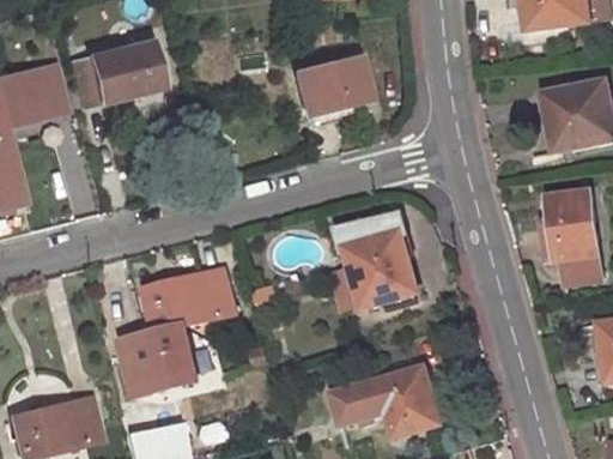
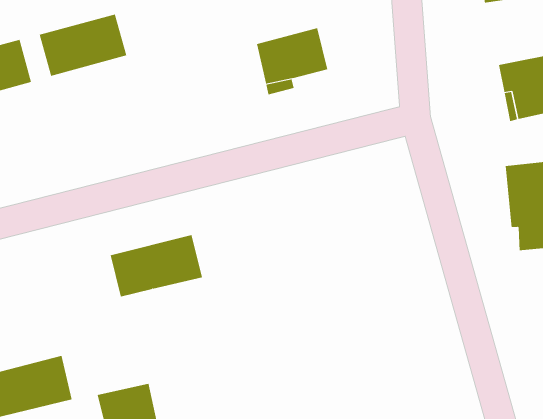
building: [340,210,418,308] -> none
building: [120,324,202,399] -> none
building: [334,369,441,440] -> none

